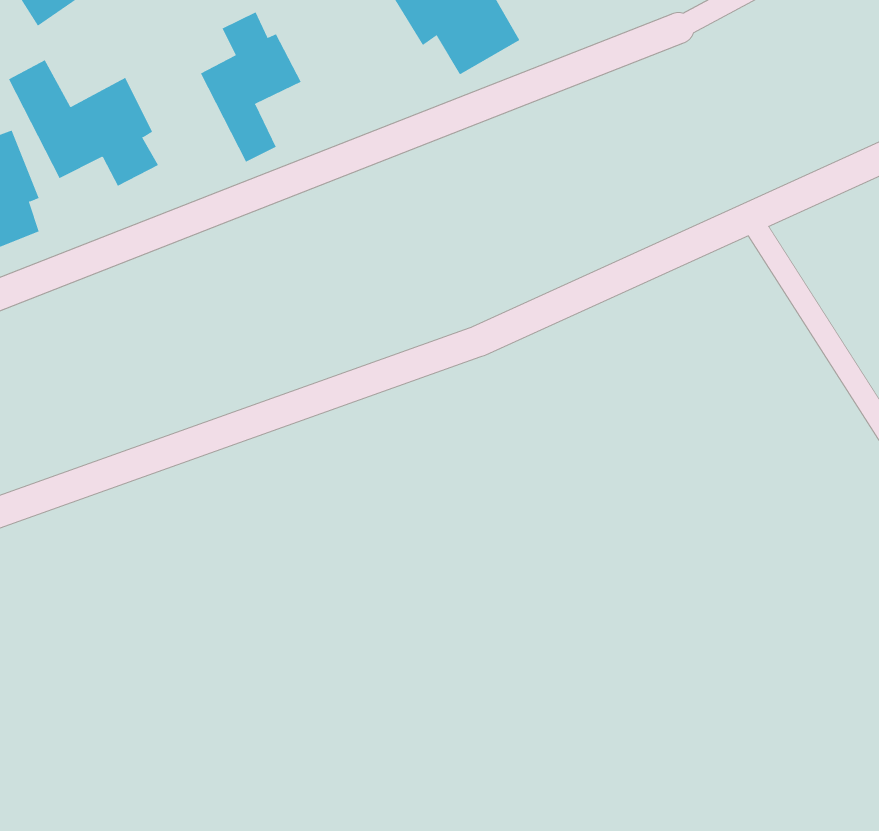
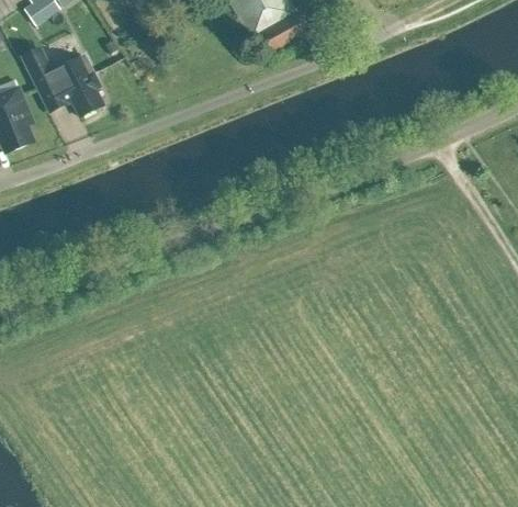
building: [200,11,302,162] -> none

